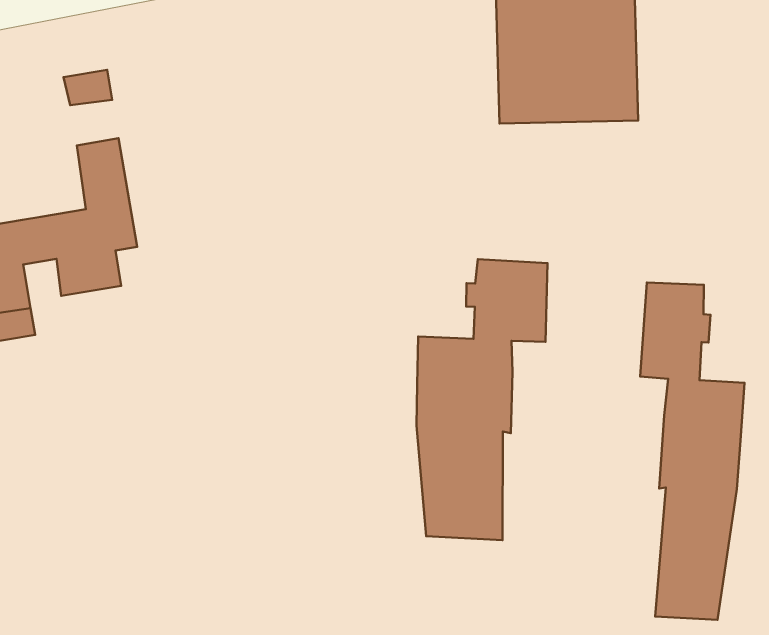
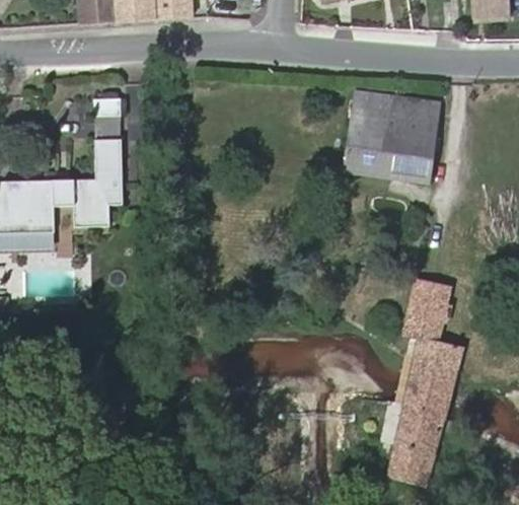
building: [417,259,548,540] -> none

